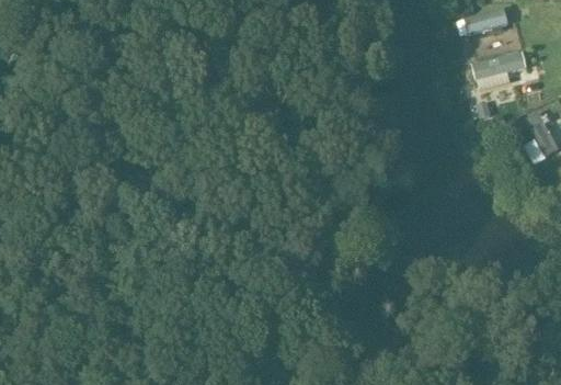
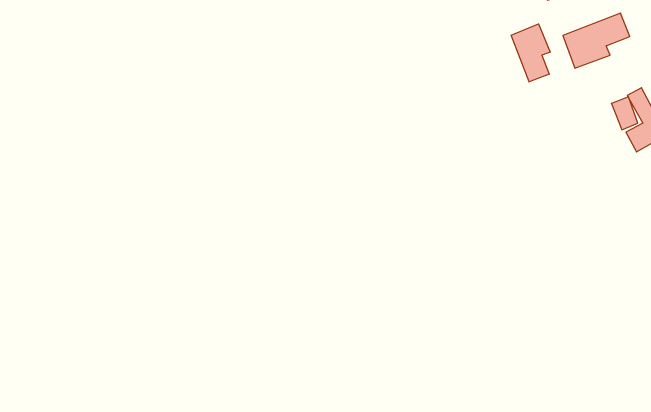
building: none -> [511,24,550,82]

